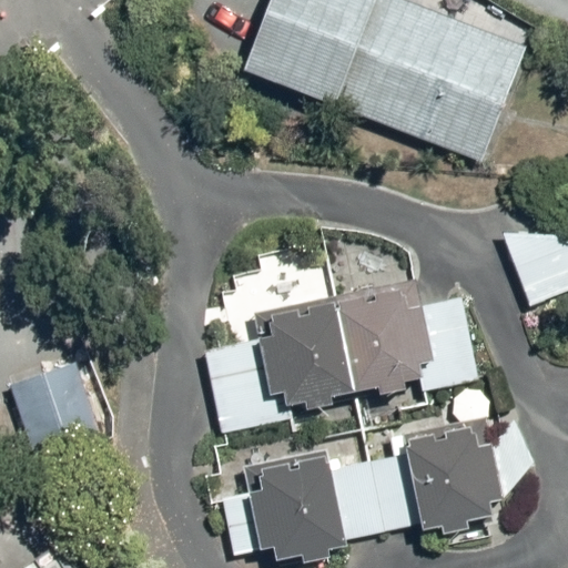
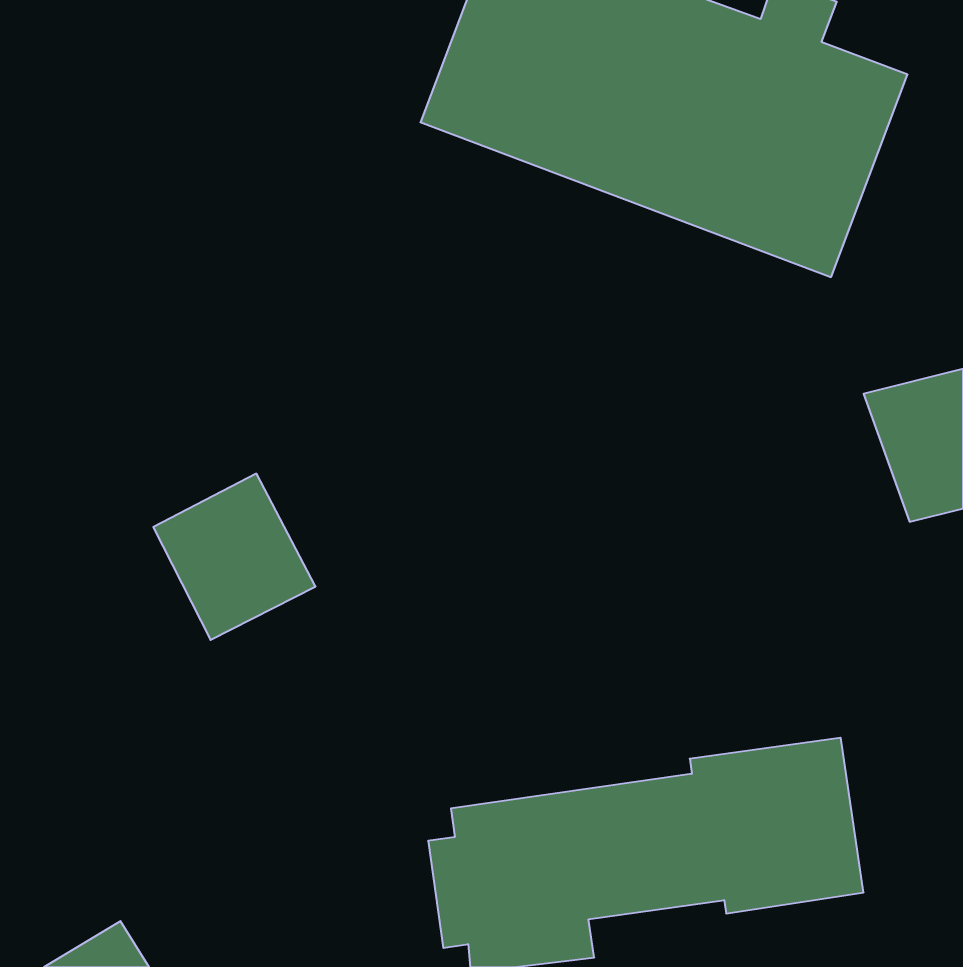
building: [203,287,479,433] -> none
building: [11,359,105,456] -> [153,474,316,640]

